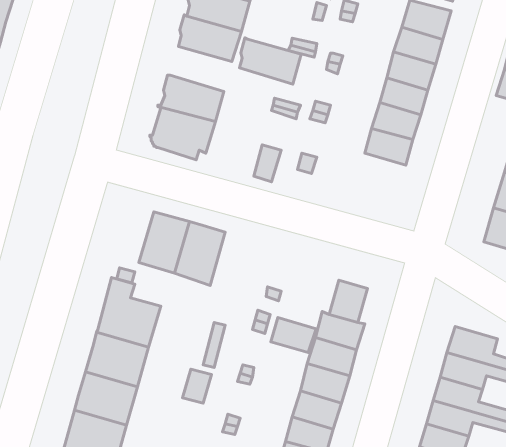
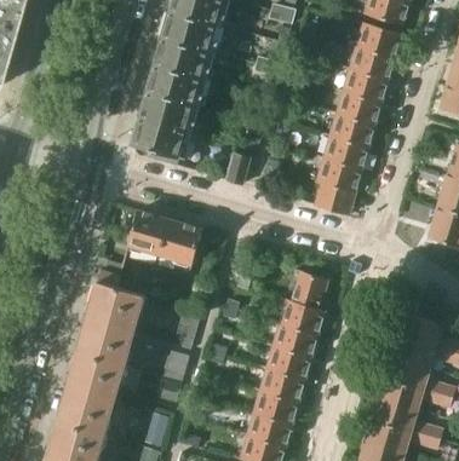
building: [239,38,301,84] -> [153,63,207,104]
building: none -> [316,159,361,214]
building: [271,318,316,352] -> none

